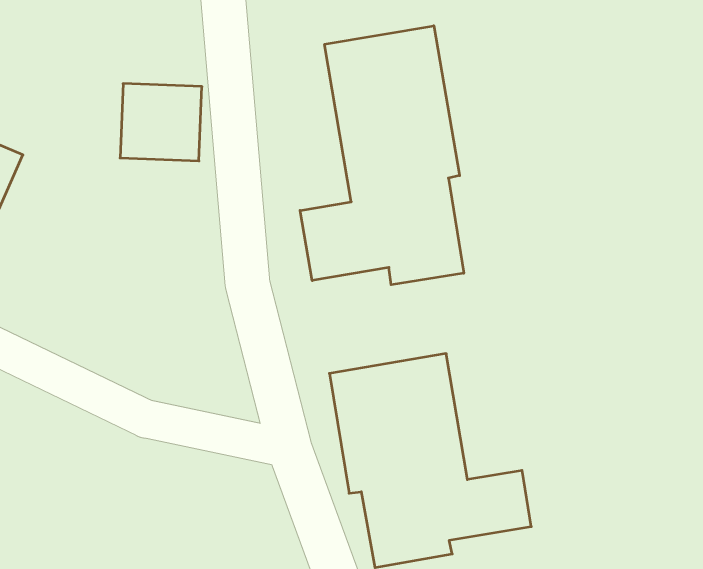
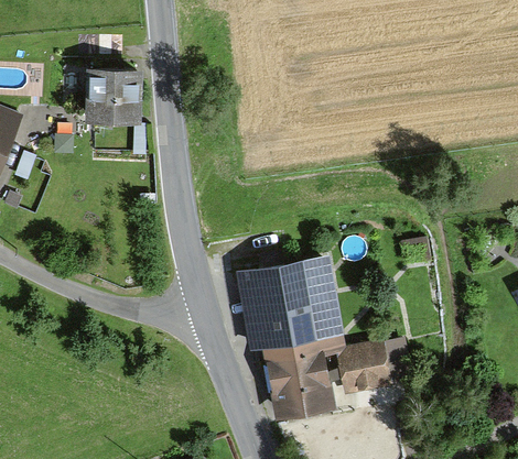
building: [300,26,464,285] -> none

